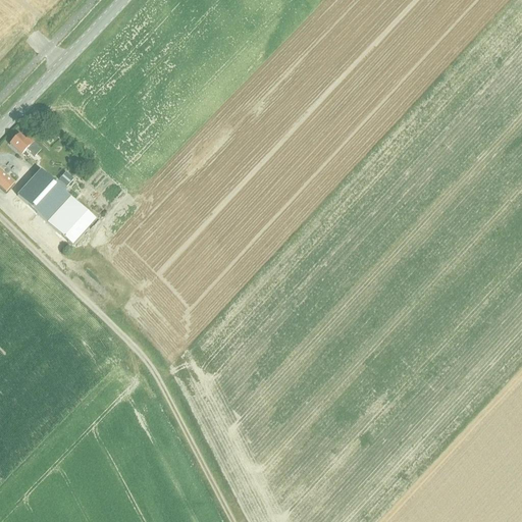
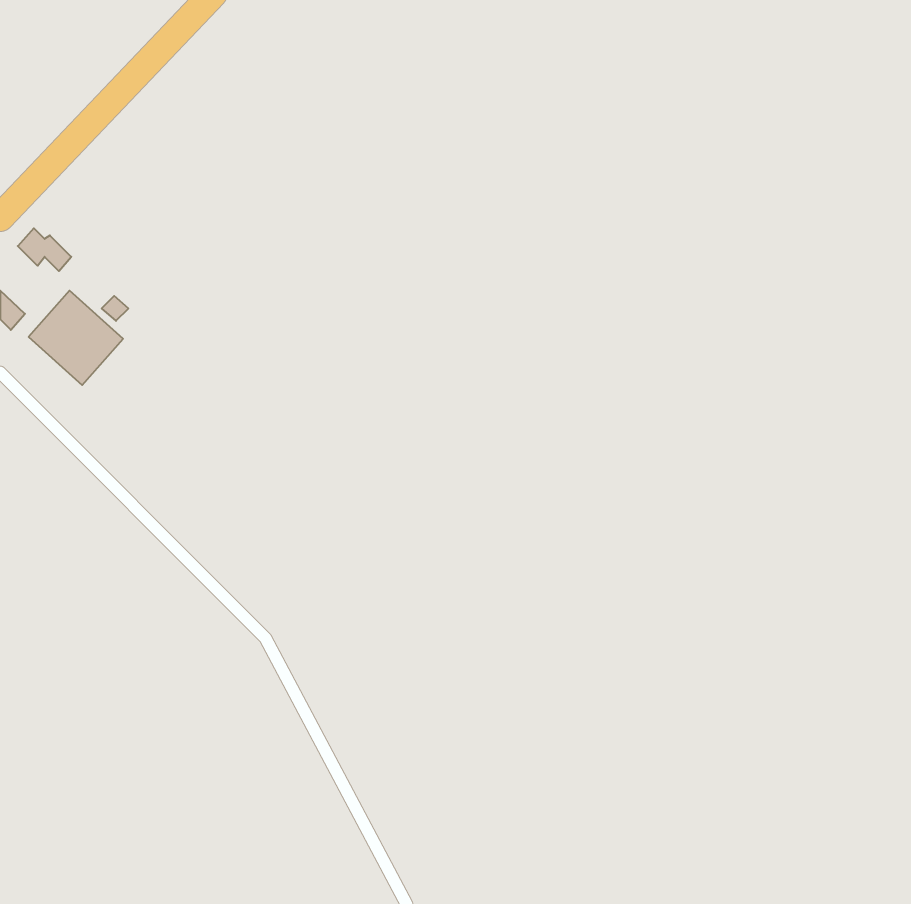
building: [47,194,95,243] -> none

